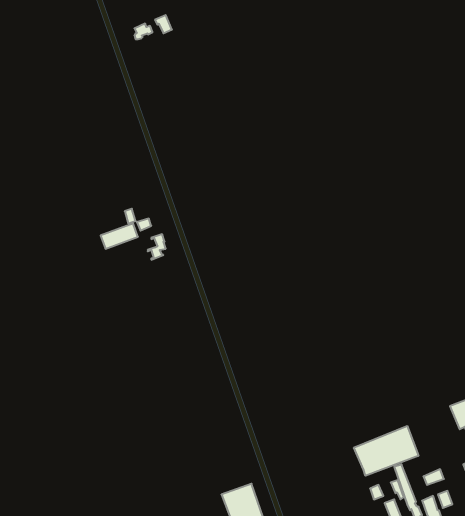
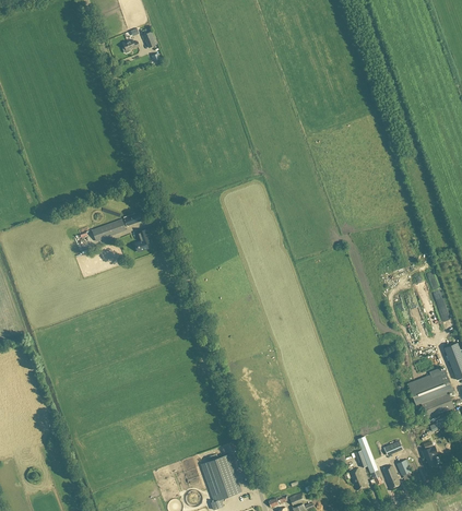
building: [354,426,418,476] -> none

